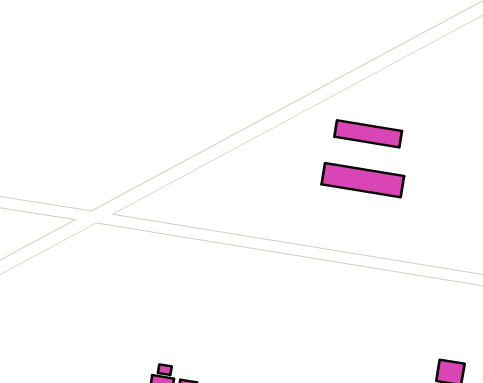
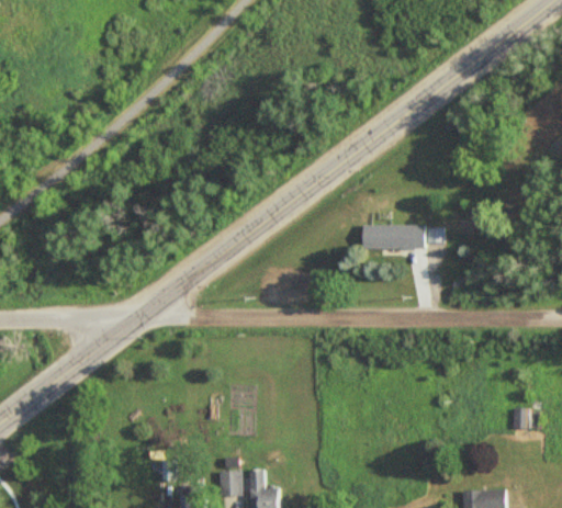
building: [335,120,402,147] -> none

